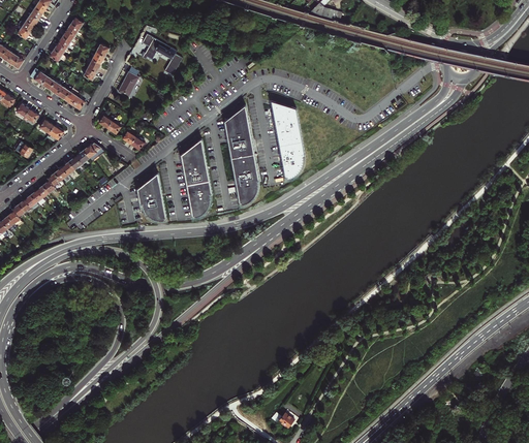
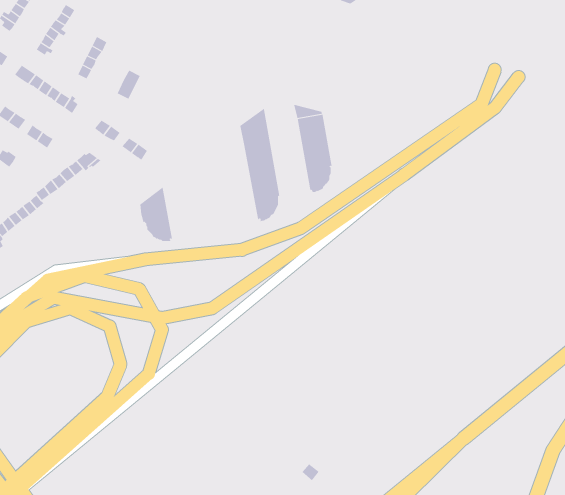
building: [142,34,183,74] -> none
building: [181,140,212,218] -> none

